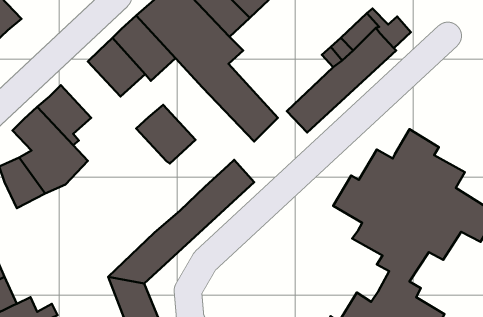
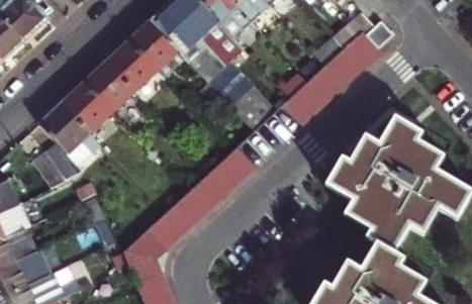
building: [136,105,196,163] -> [81,57,134,109]

